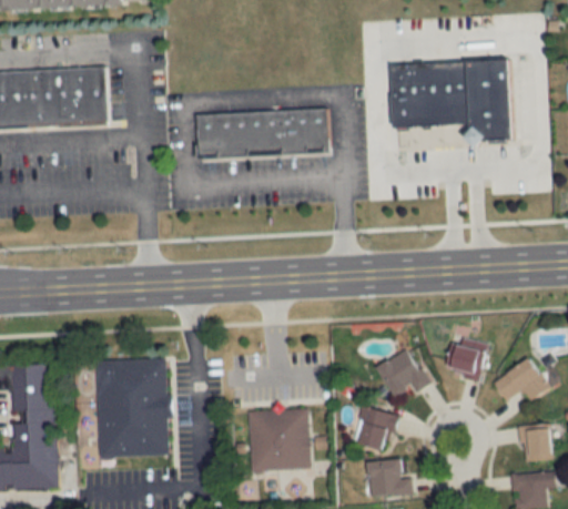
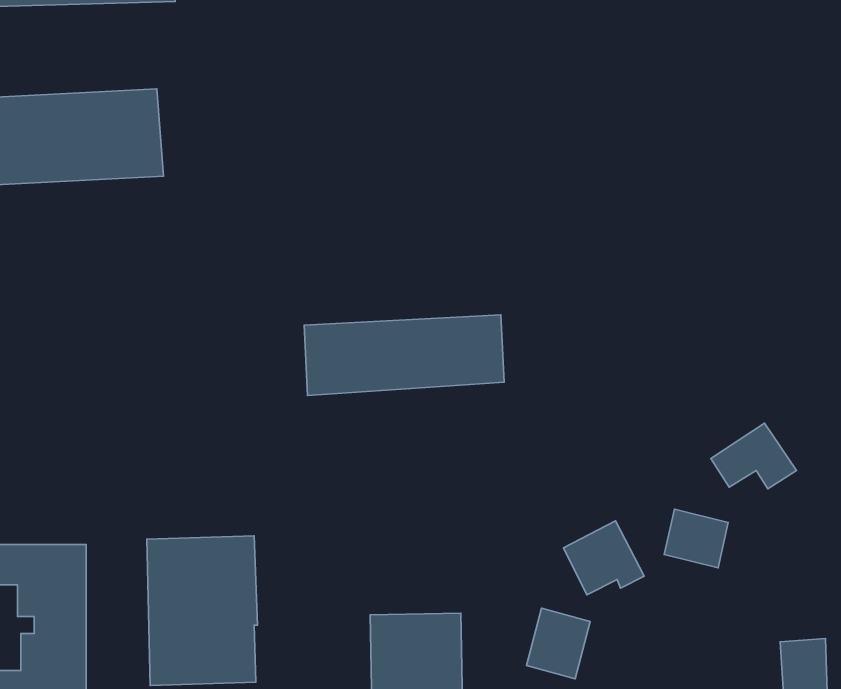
building: [387,55,508,138] -> none
building: [194,106,326,160] -> [304,315,504,396]
building: [491,359,548,403] -> [711,423,796,489]

